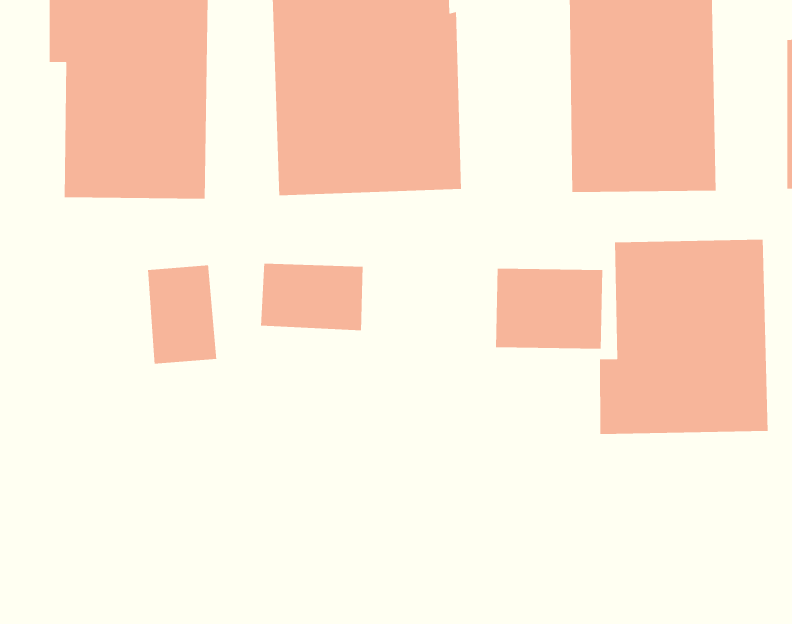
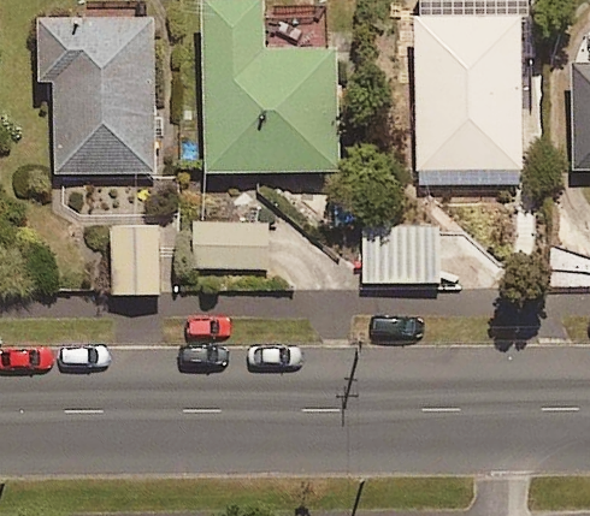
building: [599,239,768,435] -> none

